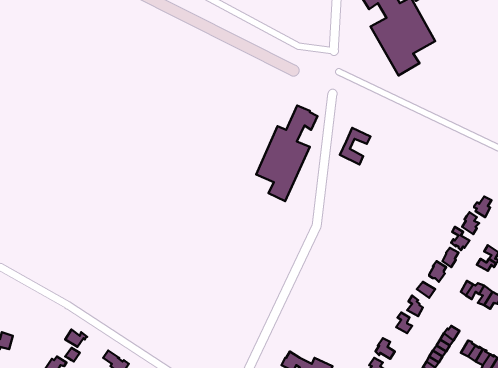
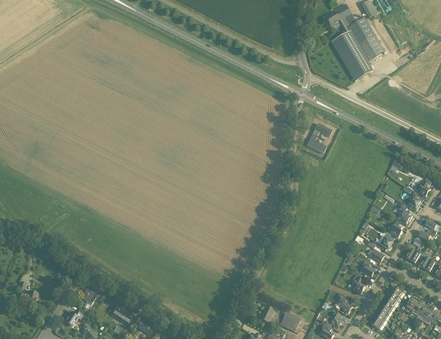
building: [256,106,318,201] -> none

